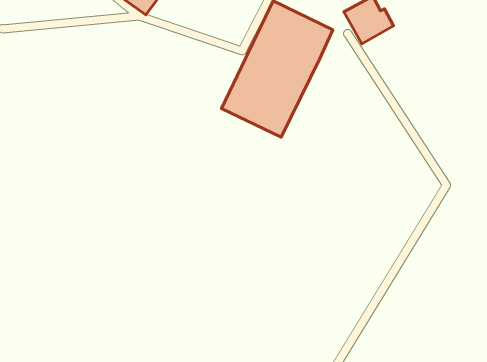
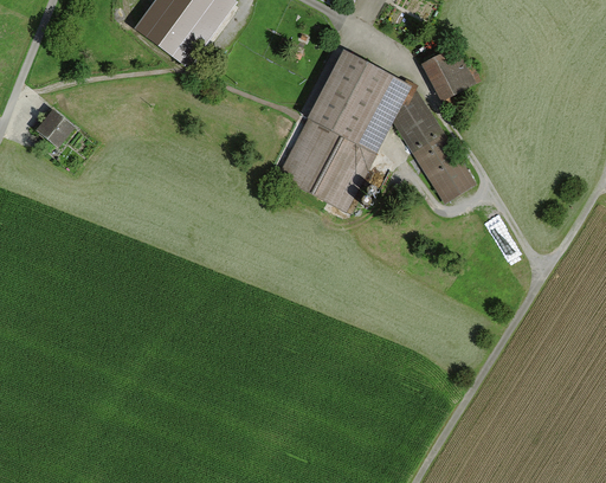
building: none -> [393,85,475,200]
building: none -> [34,110,73,149]

